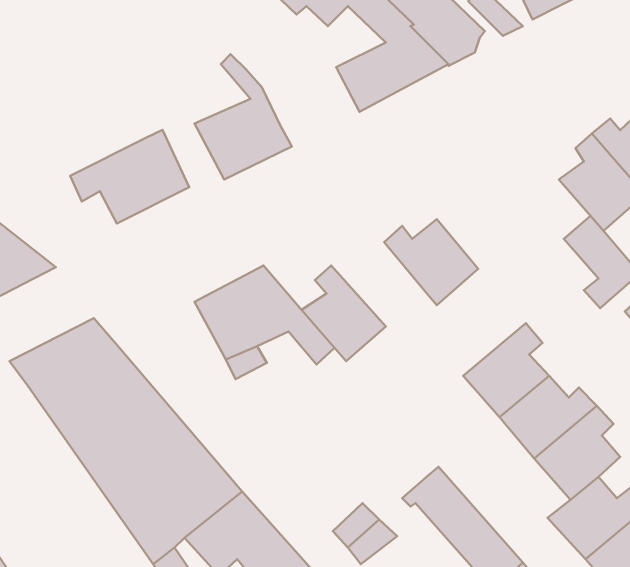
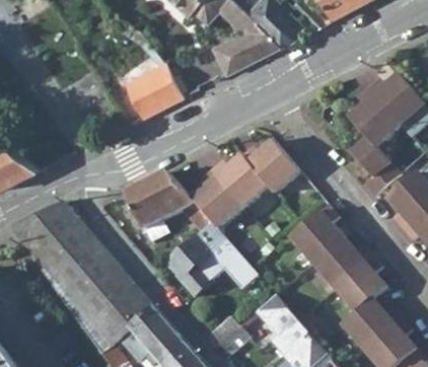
building: [70,130,189,224] -> none
building: none -> [209,155,268,207]
building: none -> [165,220,261,295]

